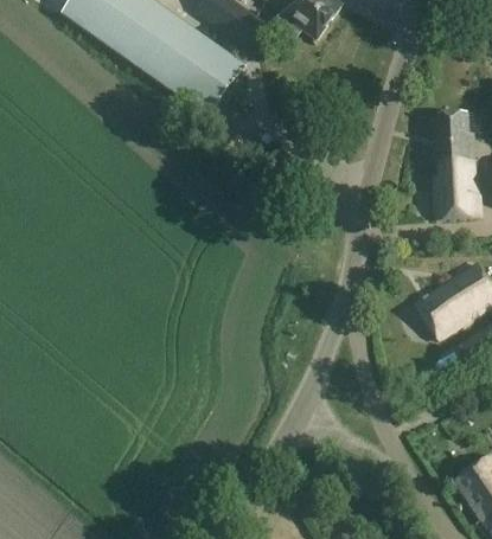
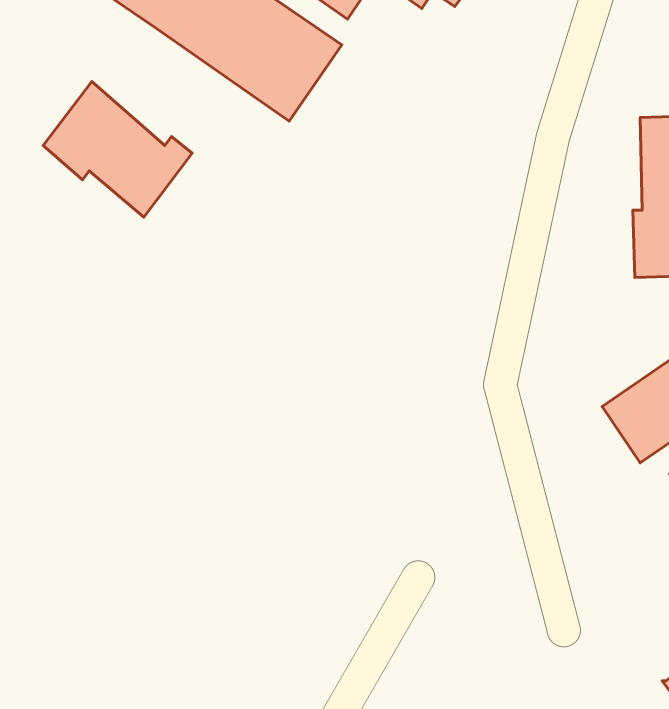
building: none -> [43,82,192,217]

